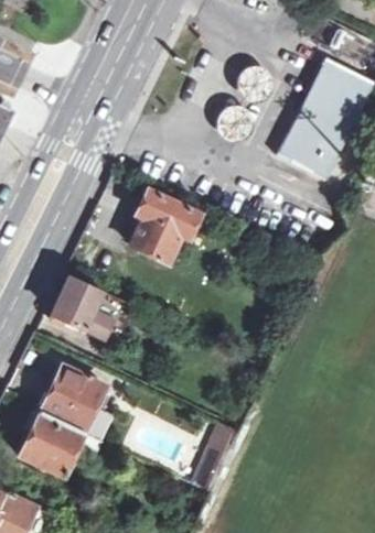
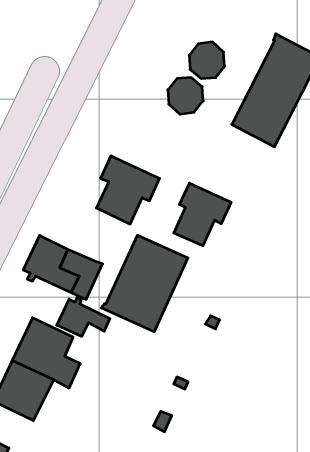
building: none -> [174,183,231,246]
building: none -> [101,235,188,332]
building: none -> [57,297,110,336]

